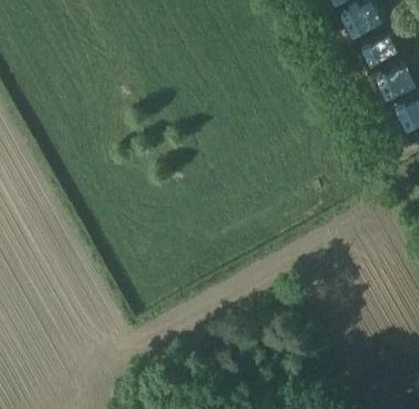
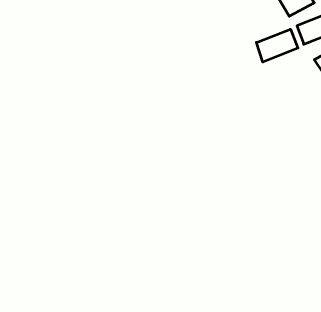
building: none -> [256,29,298,62]

